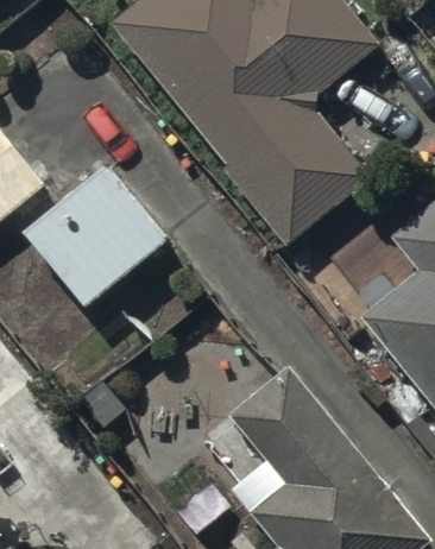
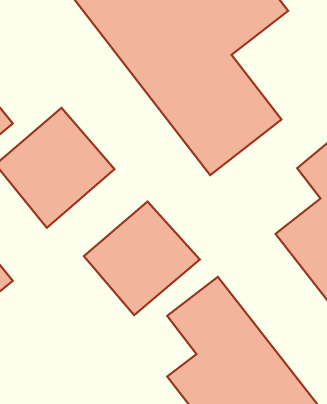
building: none -> [84,201,200,315]

